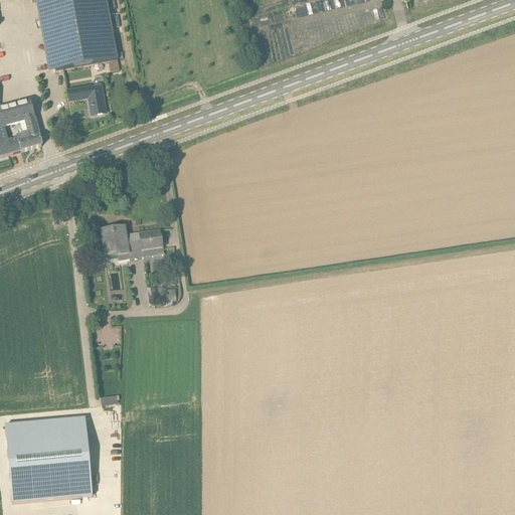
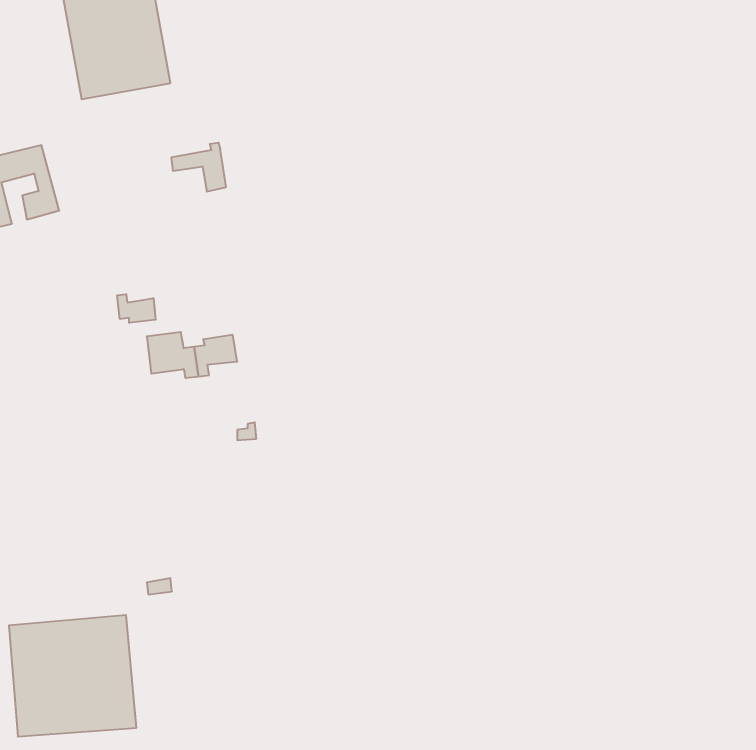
building: [66,79,104,113] -> [171,143,226,192]
building: none -> [117,294,156,323]

